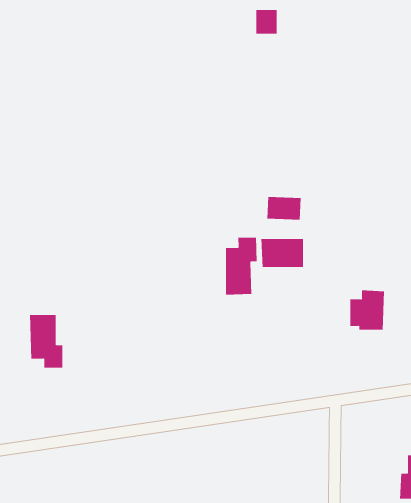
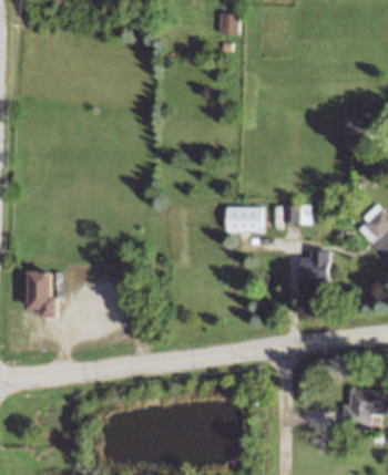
building: [266,196,302,220] -> [280,204,310,224]
building: [226,237,257,295] -> none

